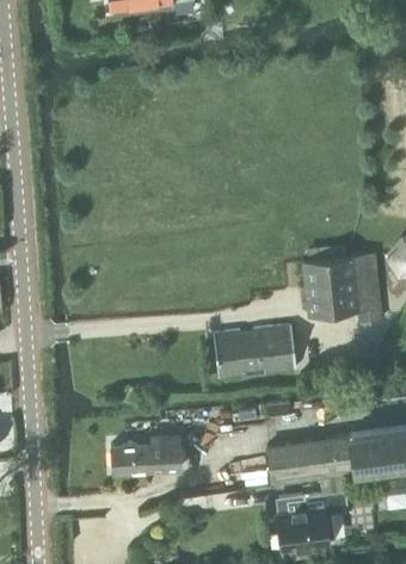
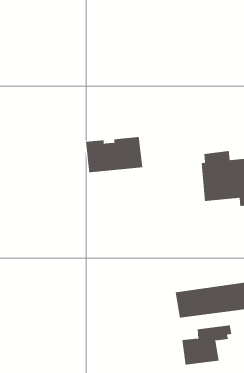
building: [214,327,296,378] -> [85,137,143,173]
building: [111,435,182,473] -> none

